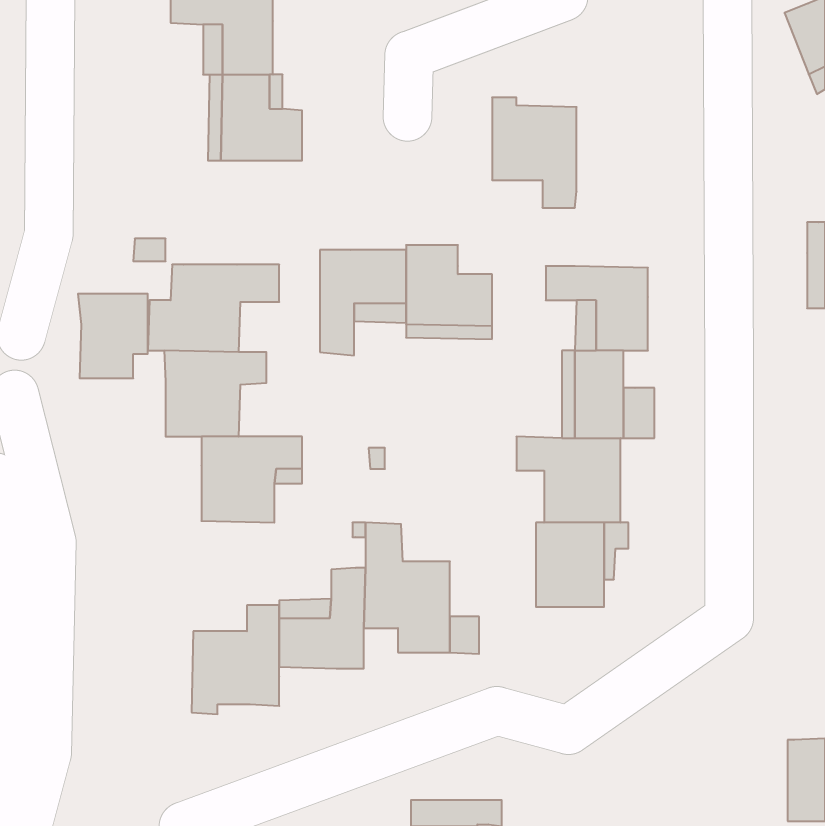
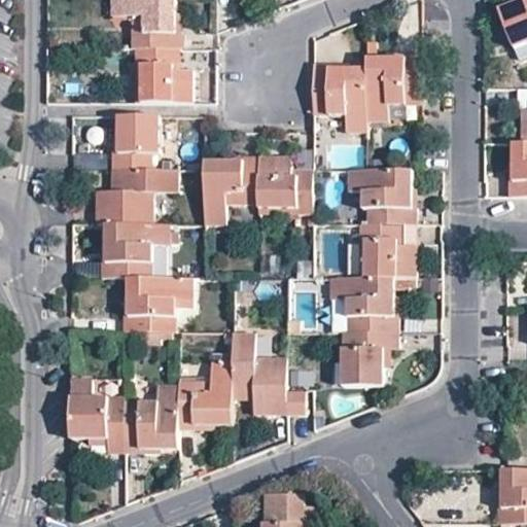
building: none -> [365,57,421,121]
building: [78,294,148,378] -> [115,114,160,168]
building: none -> [69,395,122,452]

